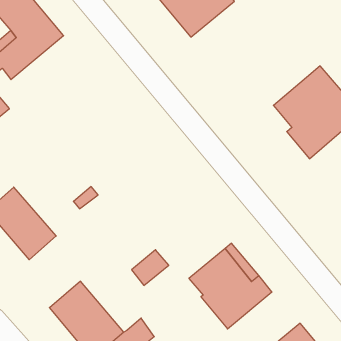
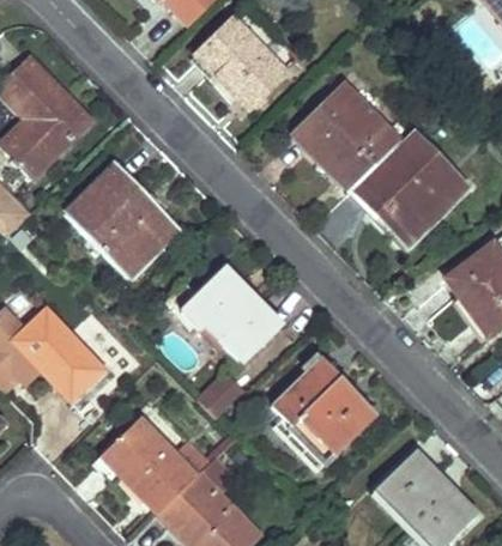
building: none -> [297,83,401,183]
building: none -> [66,164,180,273]
building: none -> [181,268,280,363]

